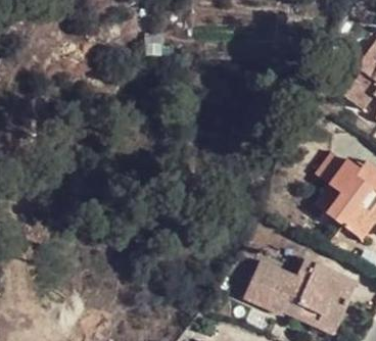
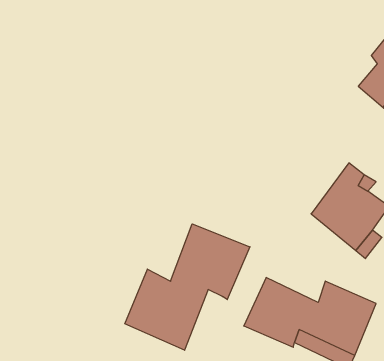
building: none -> [125,224,250,350]

